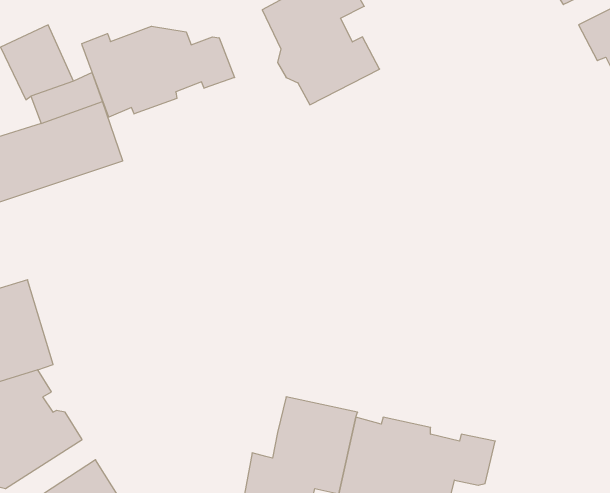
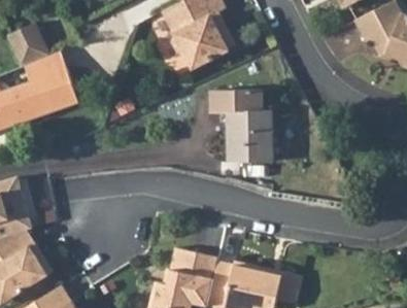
building: [82,26,235,117] -> none
building: none -> [210,93,270,165]

